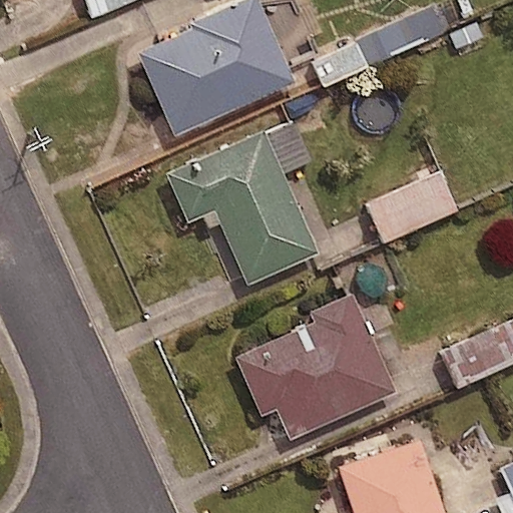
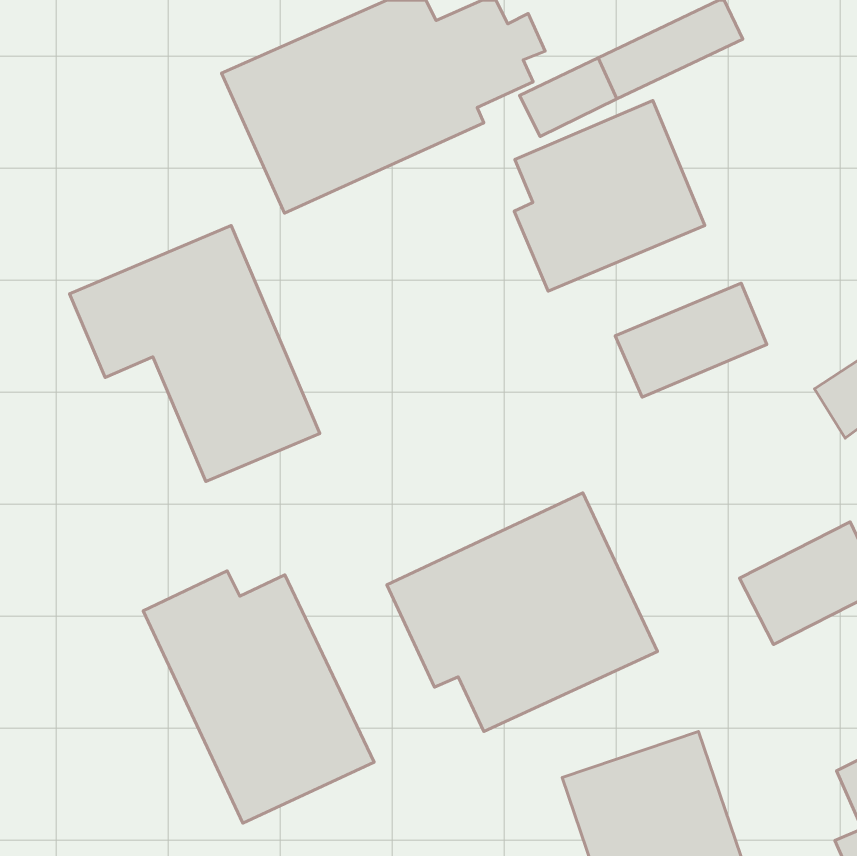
building: none -> [514,101,705,291]
building: [168,132,316,283] -> [69,226,320,481]
building: none -> [143,571,374,823]

